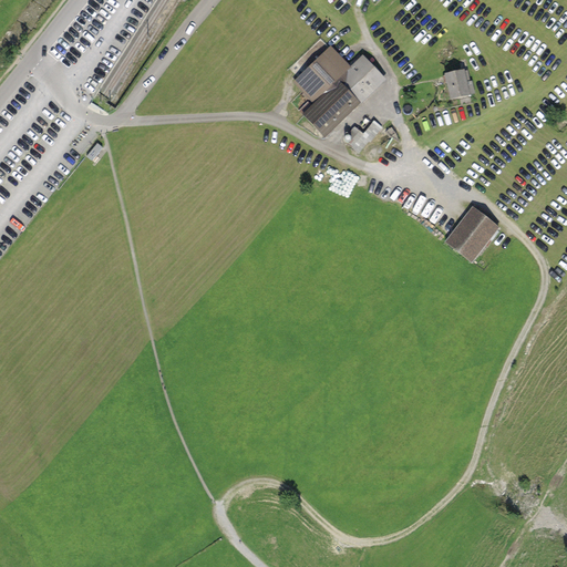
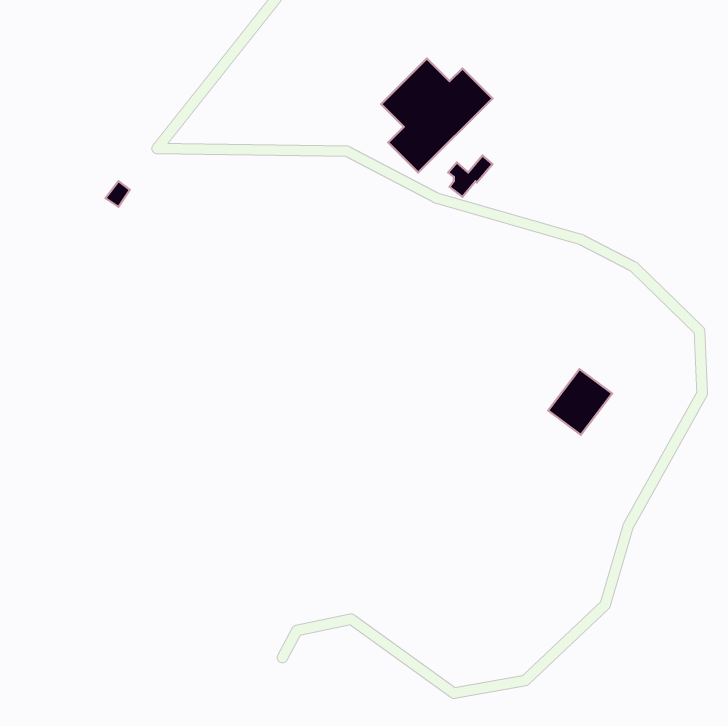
building: [440,65,472,100] -> none
building: [444,210,494,261] -> [548,369,612,435]

